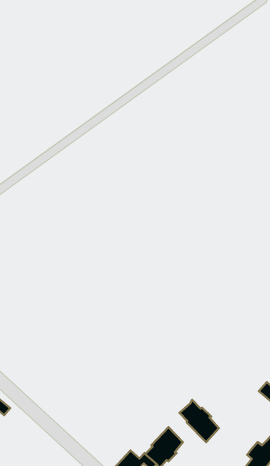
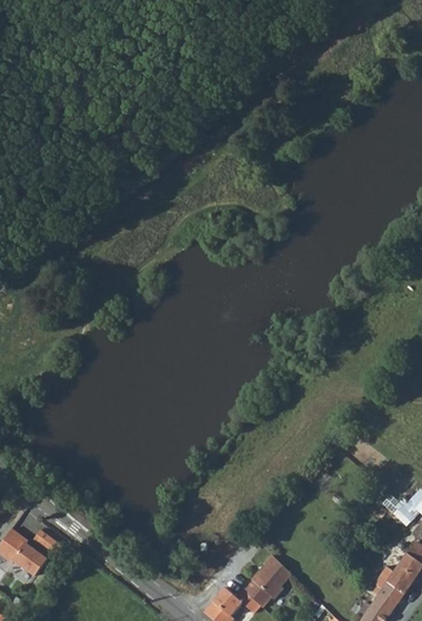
building: [179,400,219,442] -> none

